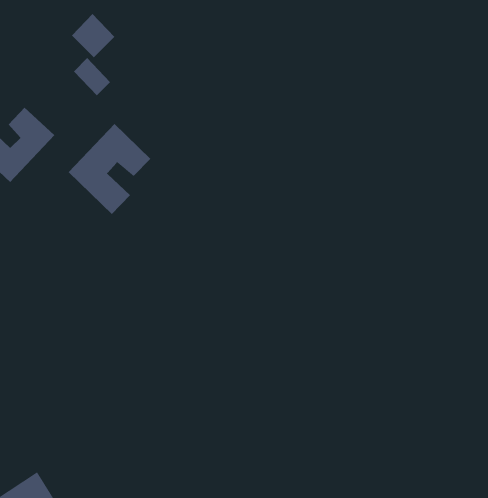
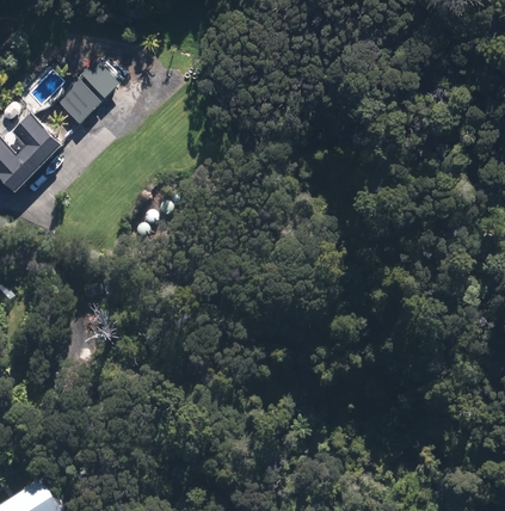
building: [71,13,115,58] -> [54,81,98,127]
building: [68,123,151,215] -> none

